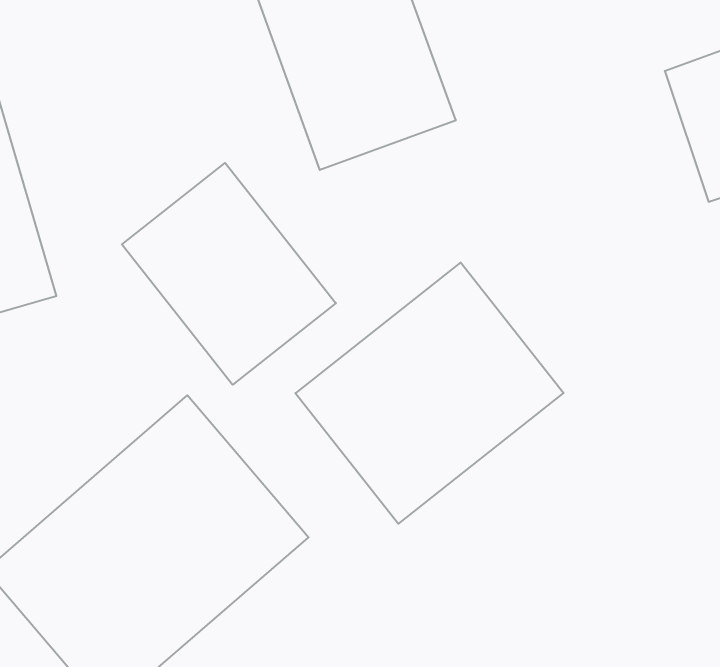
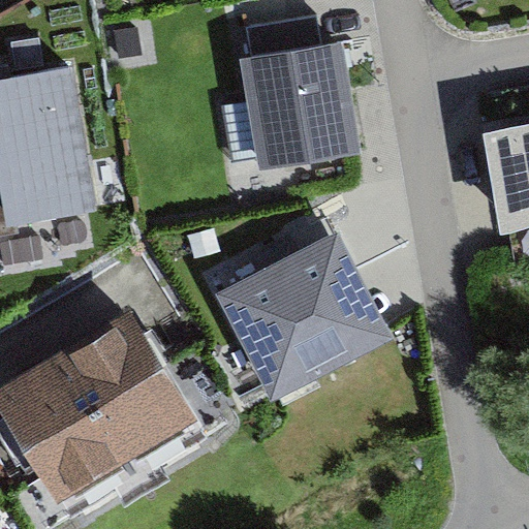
building: [122,163,336,385] -> none

